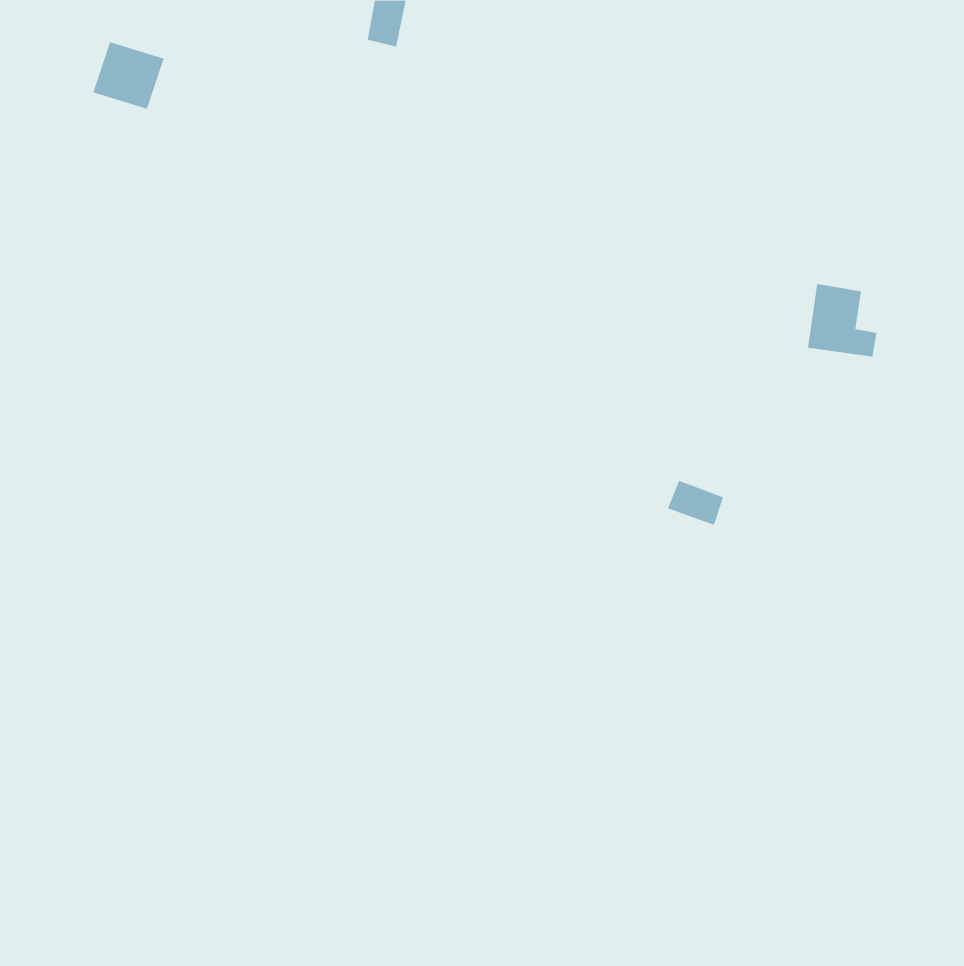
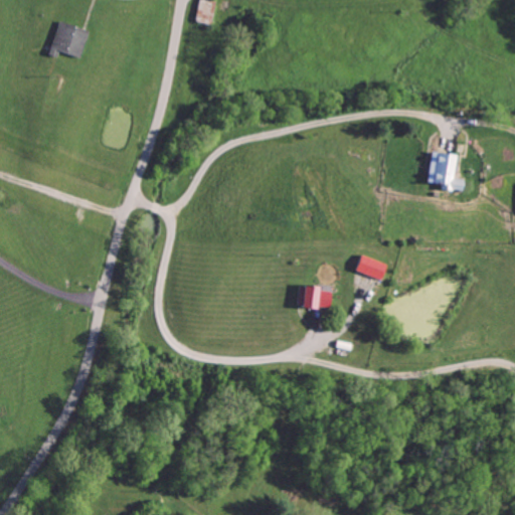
building: none -> [300,286,333,313]

